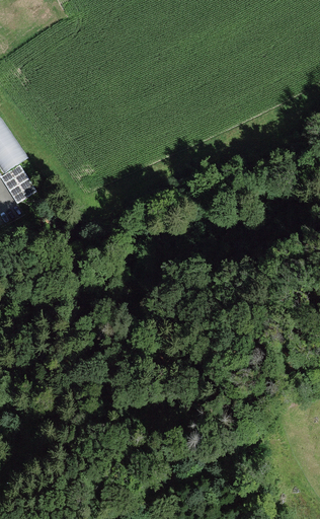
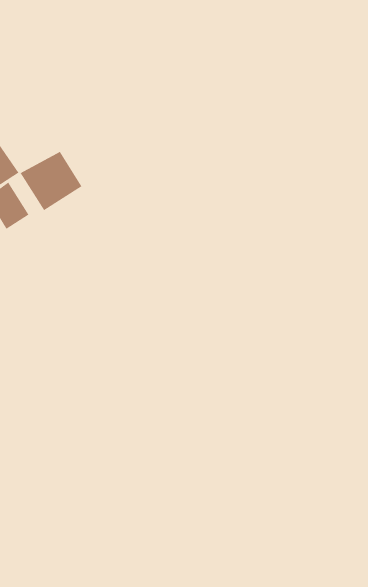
building: none -> [20,151,82,211]

